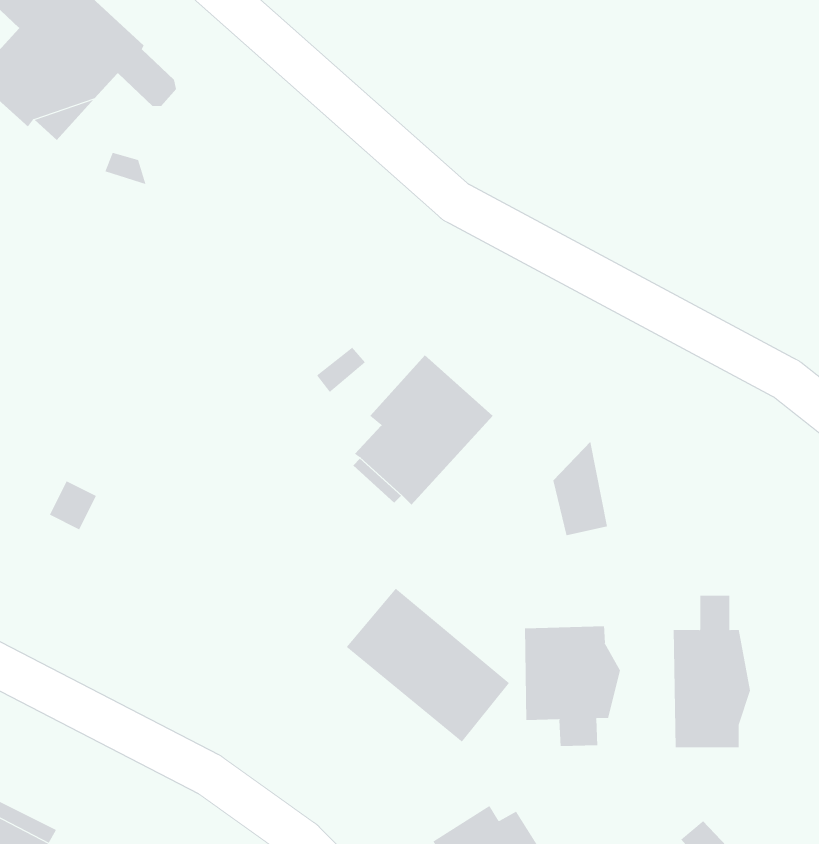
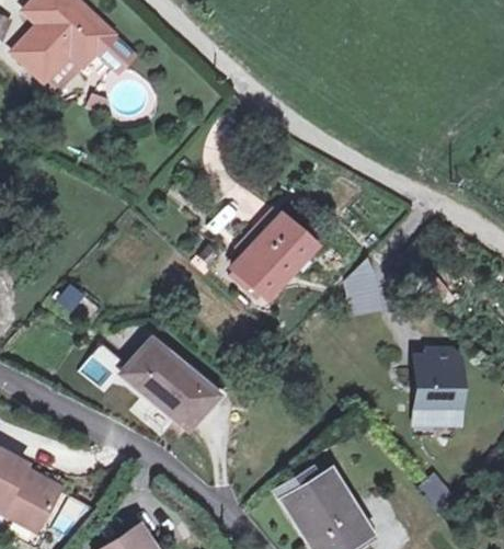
building: [346,588,510,742] -> [123,339,217,427]
building: [524,626,621,747] -> none

